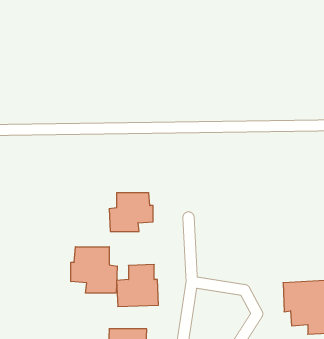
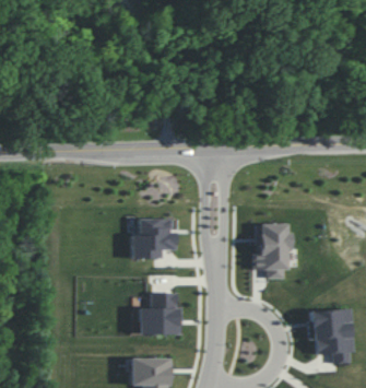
building: none -> [255,223,290,278]
building: [71,247,117,293] -> none

